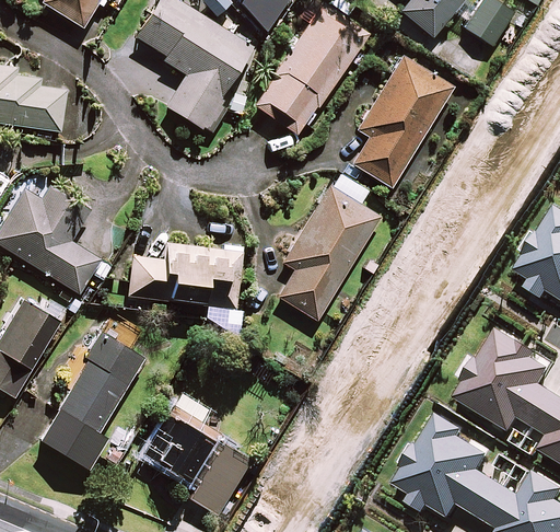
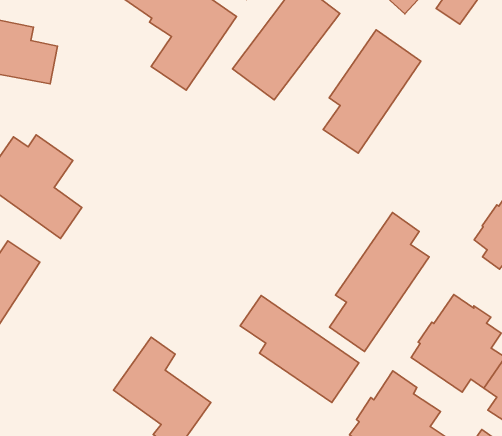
building: [278,172,380,321] -> [330,213,429,352]
building: [128,244,242,309] -> none
building: [40,317,142,467] -> none
building: none -> [240,295,359,403]

